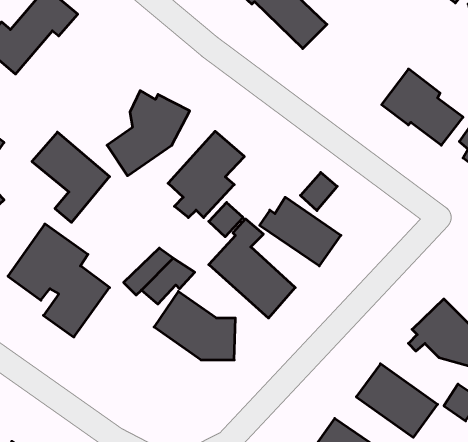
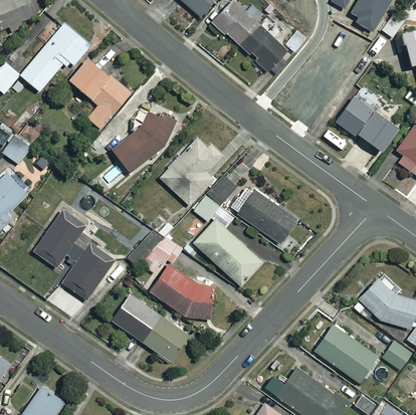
building: [32,132,110,222] -> [70,59,132,131]
building: [300,172,337,211] -> [207,176,236,206]
building: none -> [113,295,190,363]

